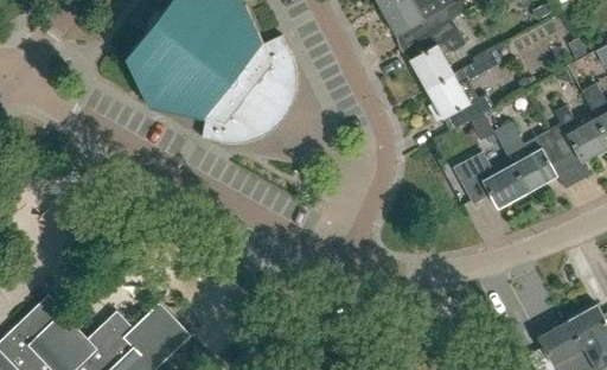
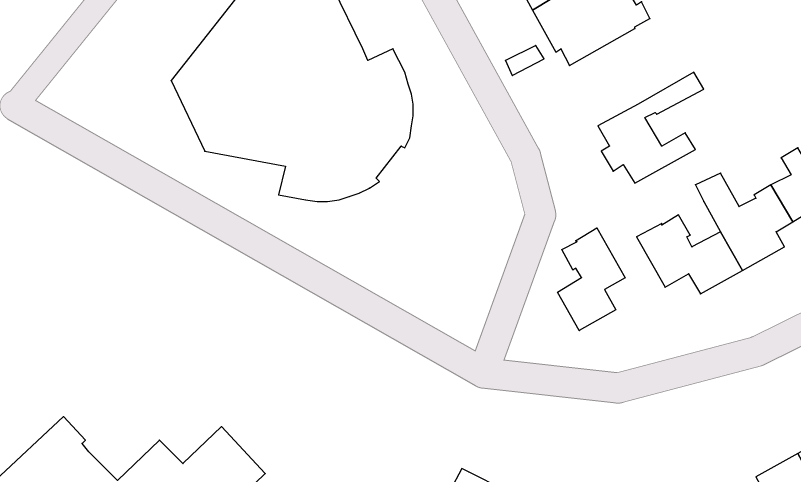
building: [405,21,466,90] -> none
building: none -> [558,228,625,331]

